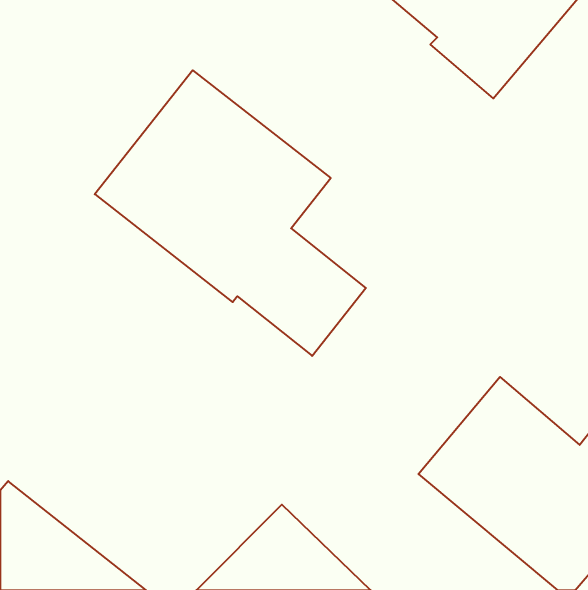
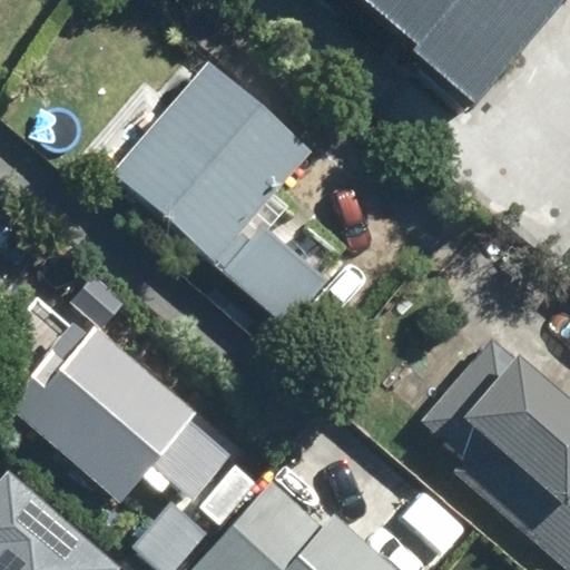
building: none -> [19,324,238,527]

